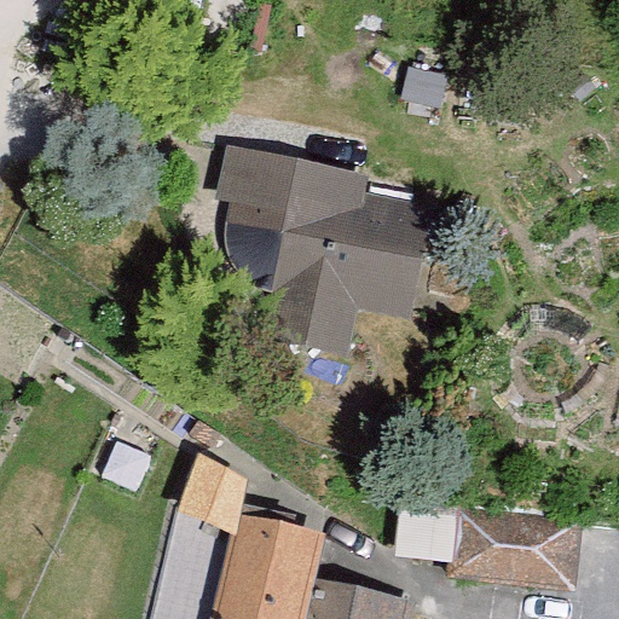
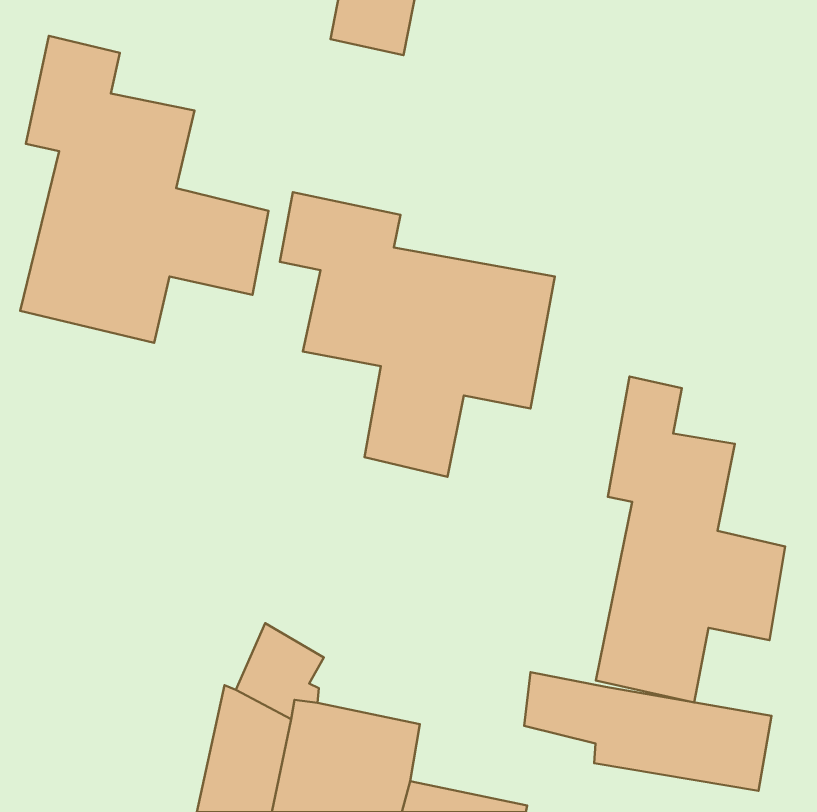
building: none -> [20,36,268,343]
building: none -> [596,376,785,702]

